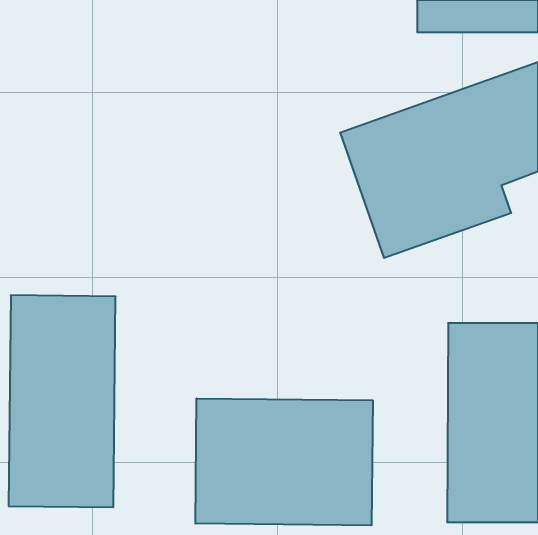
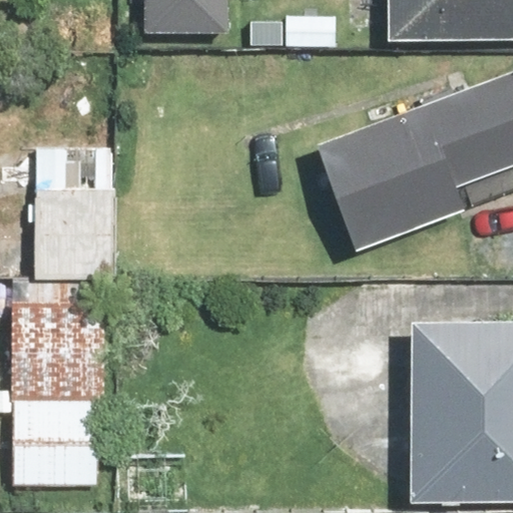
building: none -> [28,151,116,282]
building: [195,398,373,525] -> none

